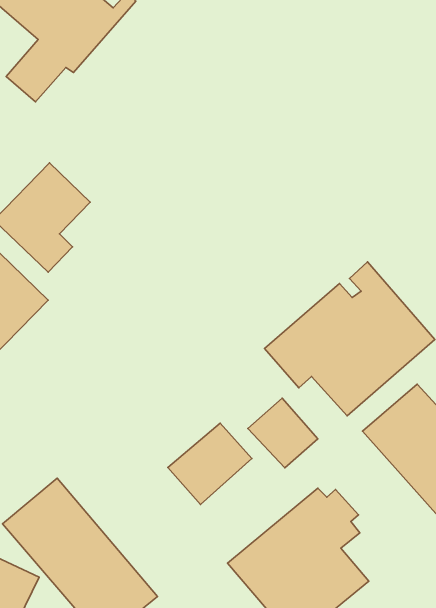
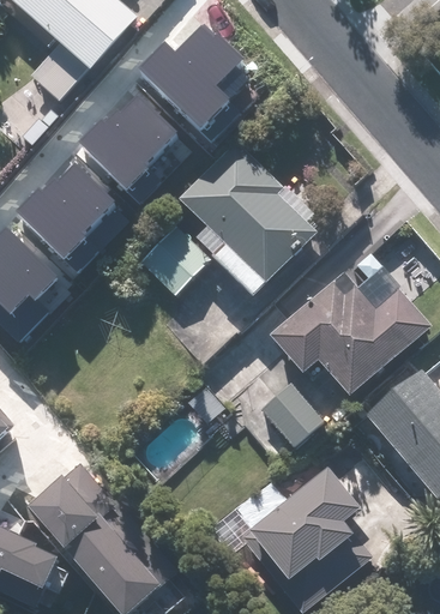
building: none -> [146,19,237,122]
building: none -> [82,92,173,195]
building: none -> [139,139,326,300]
building: [168,423,252,504] -> none

